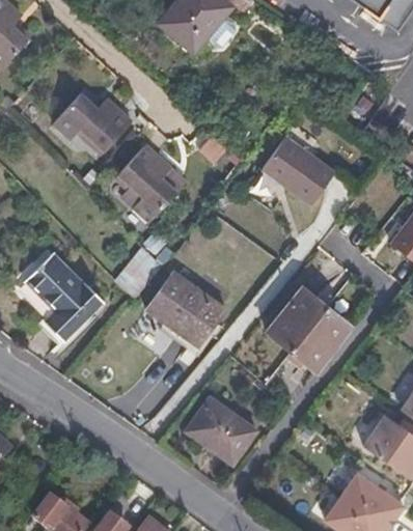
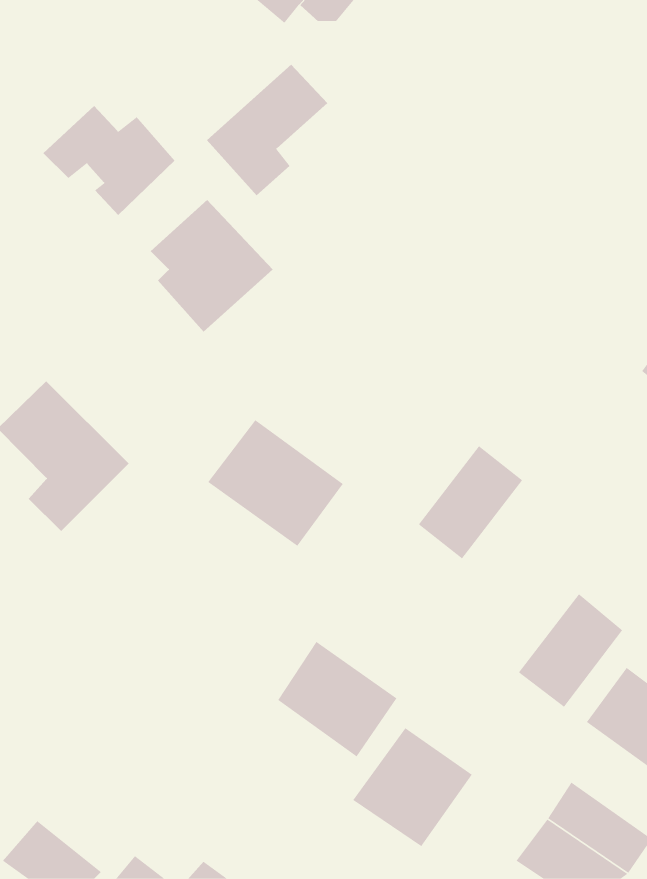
building: none -> [206,64,328,196]
building: [260,137,333,204] -> none
building: [118,248,161,295] -> none
building: [292,306,351,370] -> [518,593,623,708]
building: none -> [352,727,473,847]

